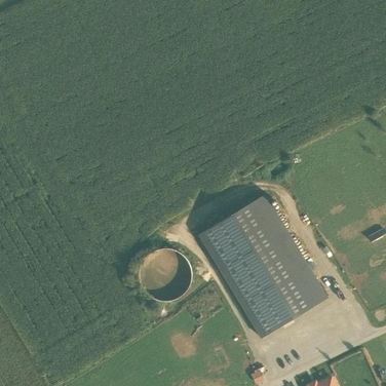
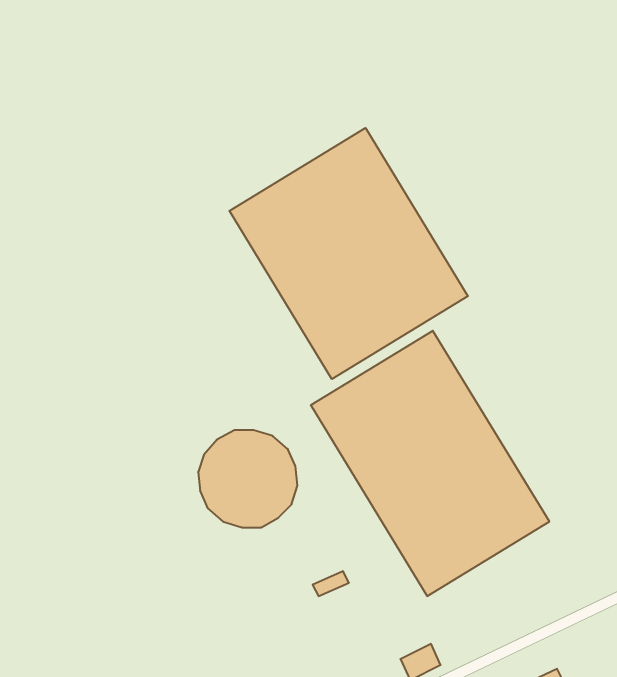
building: none -> [229,128,468,379]

